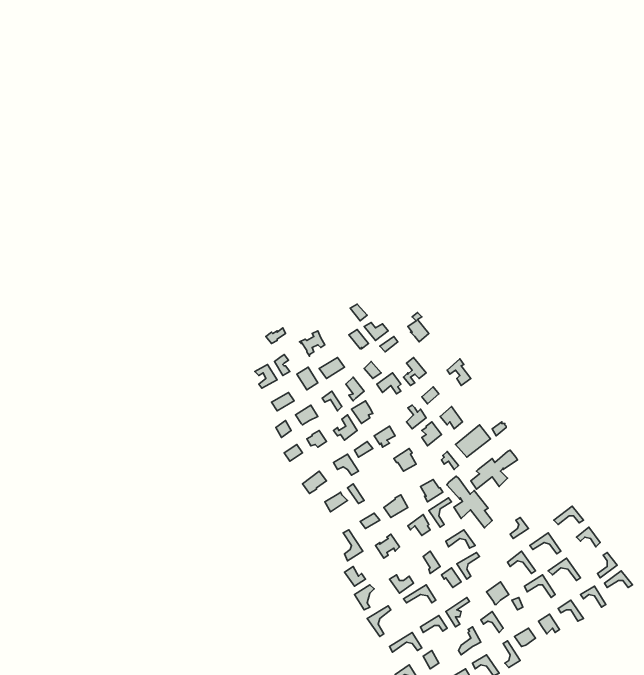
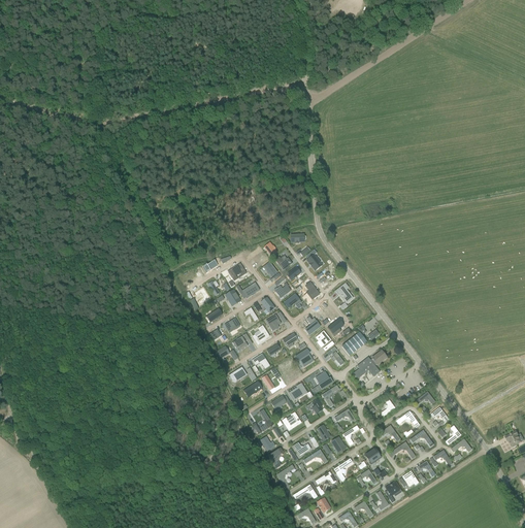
building: [447,476,492,528] -> none

